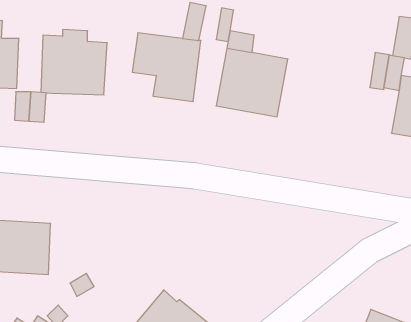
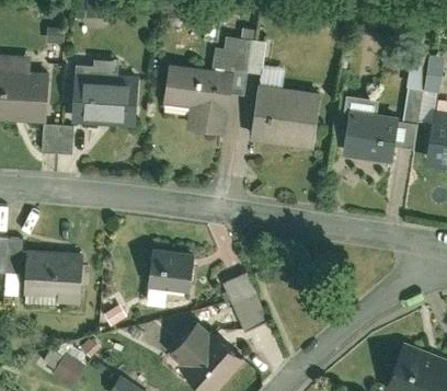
building: none -> [340,94,399,161]
building: none -> [148,250,193,294]
building: none -> [220,275,265,335]

